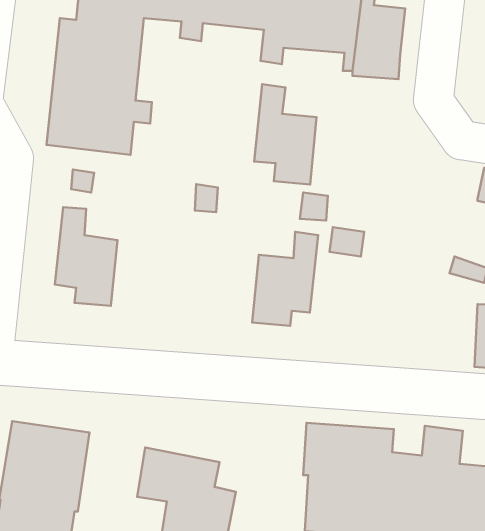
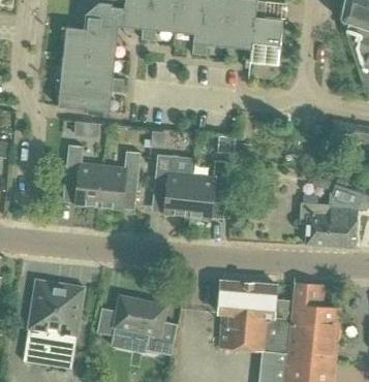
building: [254,84,317,185] -> [151,154,190,217]
building: none -> [97,151,140,210]
building: none -> [298,194,328,245]

